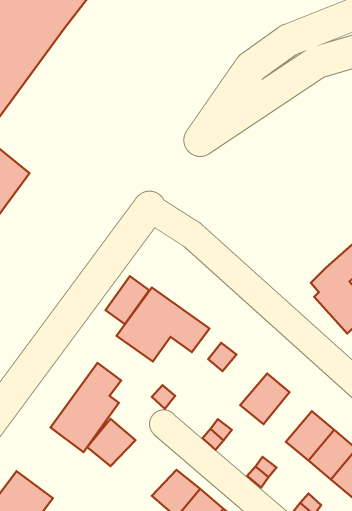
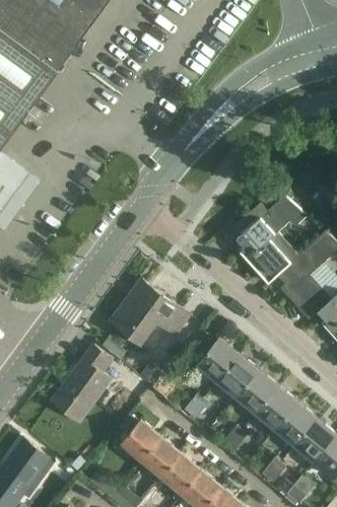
building: none -> [232,196,307,284]
building: [105,276,149,324] -> none
building: none -> [197,338,240,381]
building: none -> [237,370,278,413]
building: [87,419,135,466] -> [120,419,161,459]

